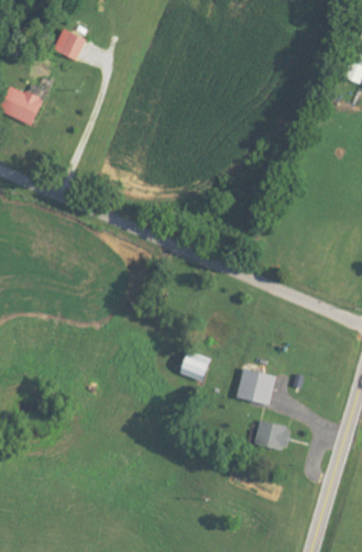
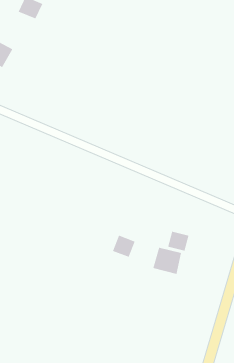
building: none -> [167,231,189,251]
building: [252,420,288,449] -> none

